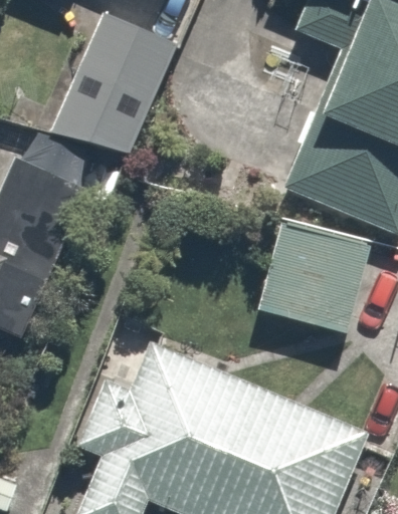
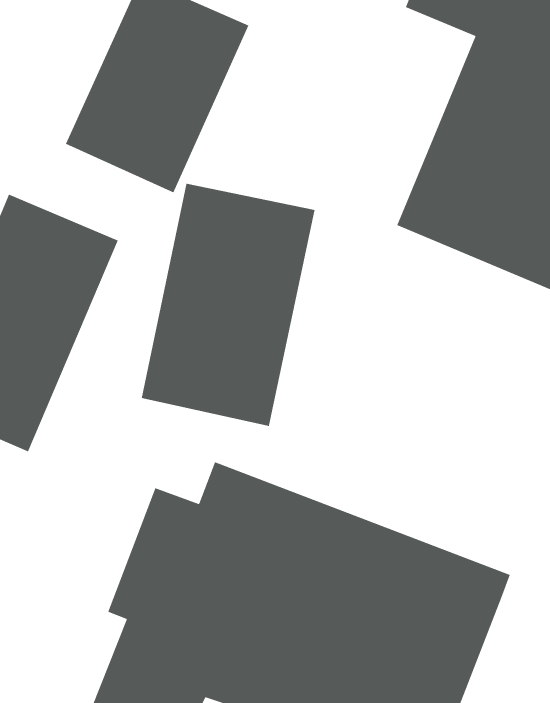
building: none -> [141,183,316,427]
building: [256,214,364,327] -> none

